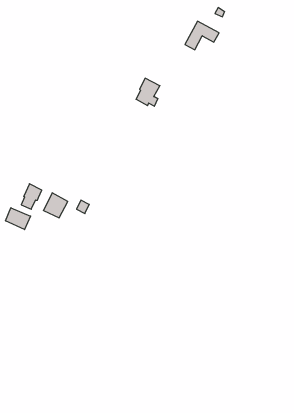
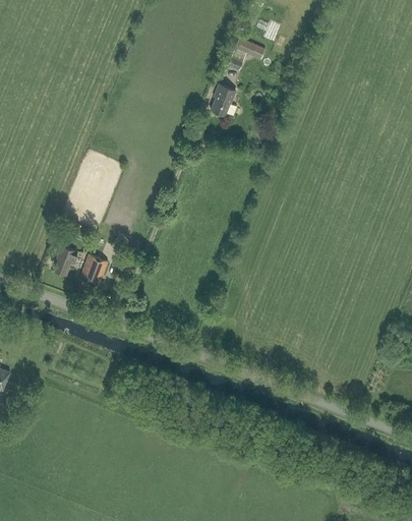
building: [136,78,160,106] -> [211,83,237,115]
building: [6,208,31,230] -> none

